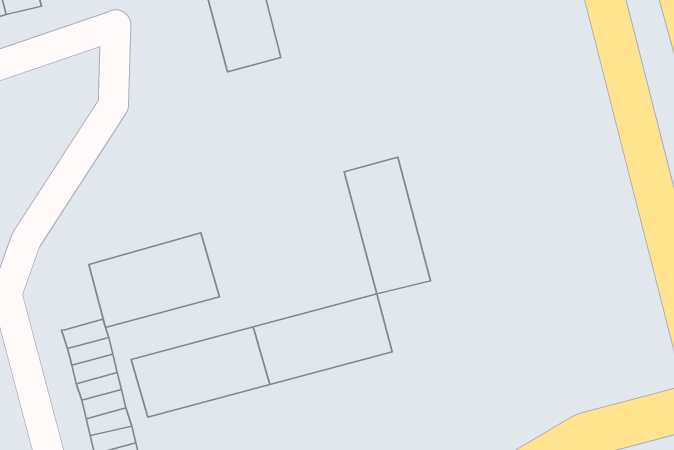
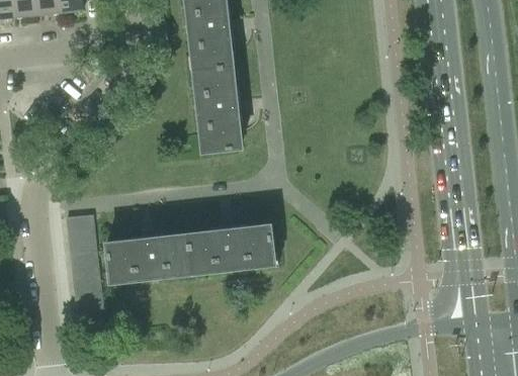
building: [344,157,431,294] -> [195,66,240,151]
building: [89,233,219,327] -> none

